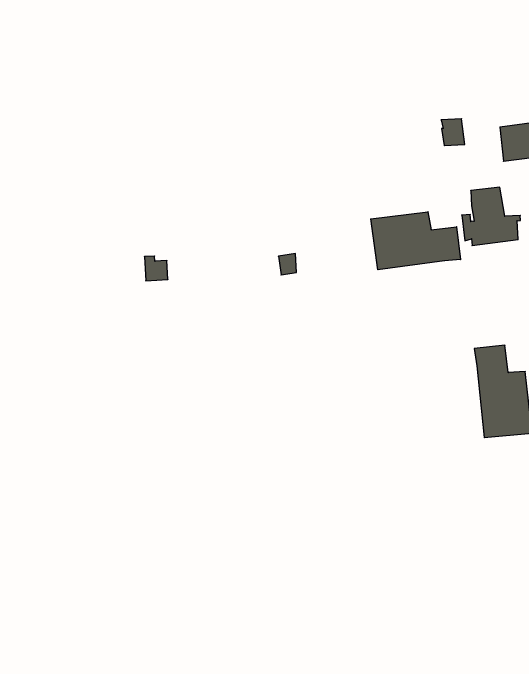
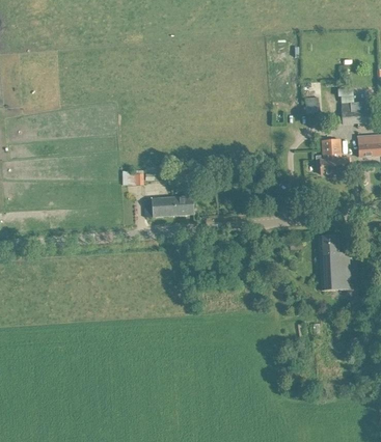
building: [371,212,461,270] -> none
building: none -> [144,195,193,215]

